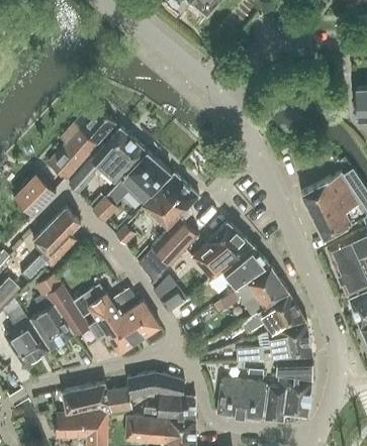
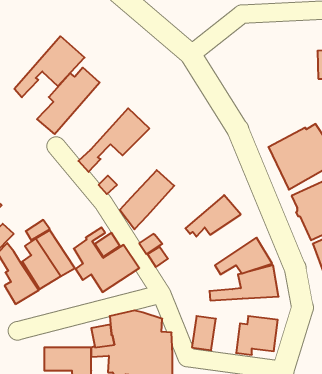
building: [70,127,147,194] -> [14,36,85,97]
building: [13,173,57,216] -> none
building: [142,174,199,229] -> none
building: [24,207,81,278] -> none
building: [191,222,253,280] -> none
building: [212,267,288,316] -> none
building: [264,358,312,380] -> none
building: [239,381,266,419] -> none
building: [62,382,109,412] -> none

